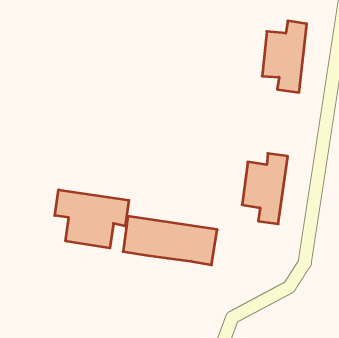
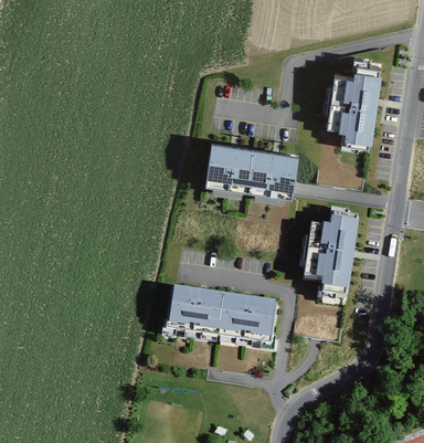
building: none -> [205,140,298,197]
building: [55,190,129,248] -> none

